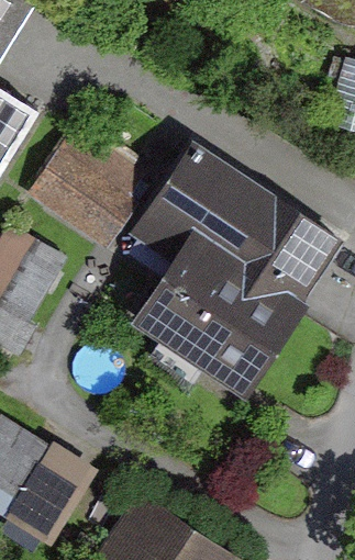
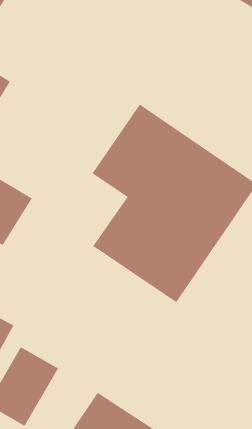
building: [32,139,131,237] -> none

